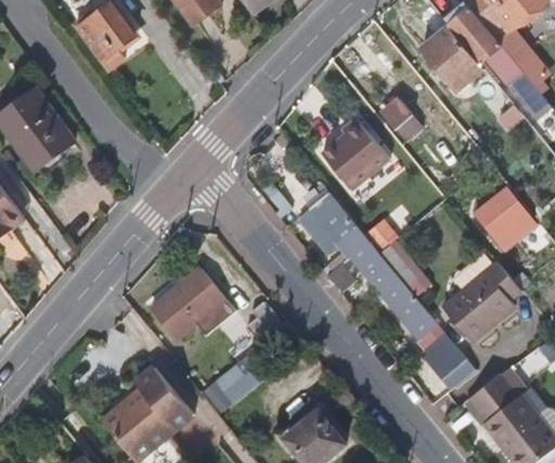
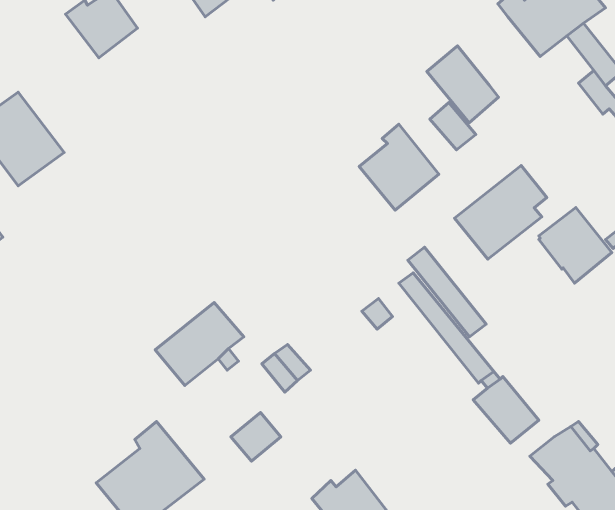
building: [423,26,483,91] -> [427,46,499,123]
building: [309,200,369,256] -> none
building: [442,262,520,342] -> [455,166,547,259]

